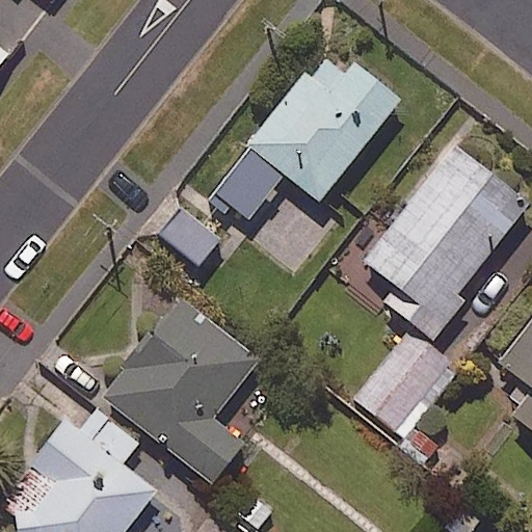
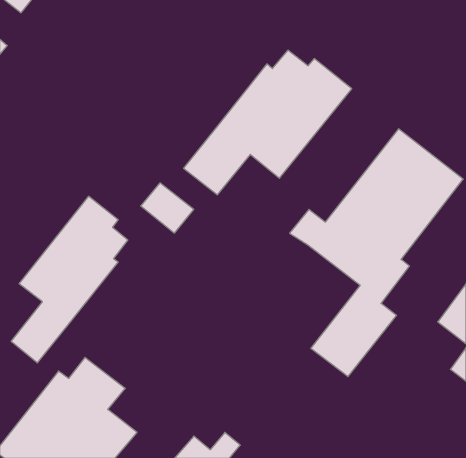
building: none -> [11,196,128,363]
building: [105,300,258,483] -> none

